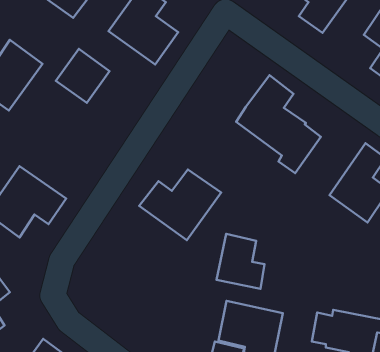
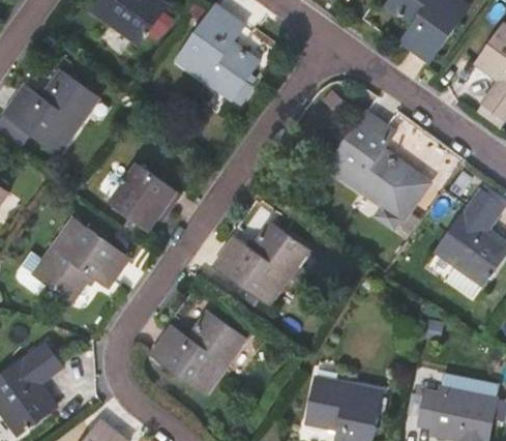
building: [56,49,110,103] -> [112,165,175,228]
building: [217,234,264,289] -> none
building: none -> [151,311,245,393]

